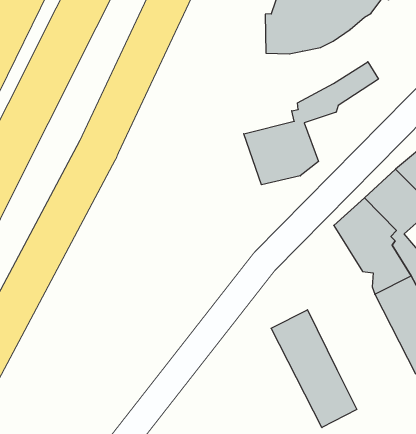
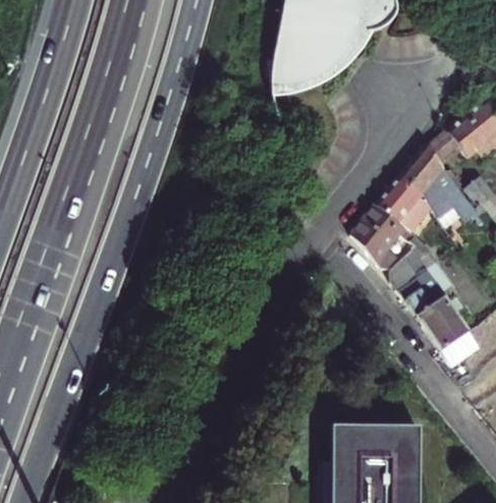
building: [244,62,378,185] -> none
building: [271,310,357,428] -> none

